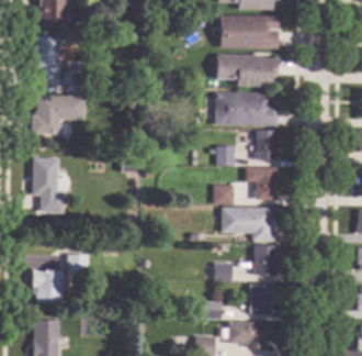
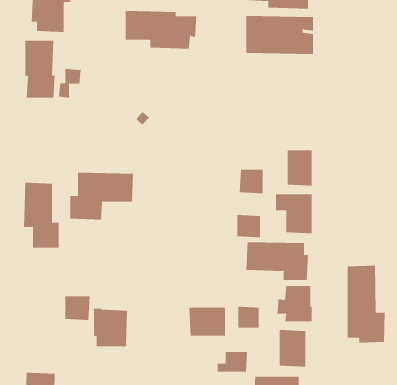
building: [217,54,279,87] -> [125,11,197,49]
building: [215,92,279,126] -> none
building: [31,94,86,135] -> [69,172,134,220]
building: none -> [347,265,385,343]
building: none -> [189,307,226,337]
building: [33,269,63,302] -> [93,308,128,347]

